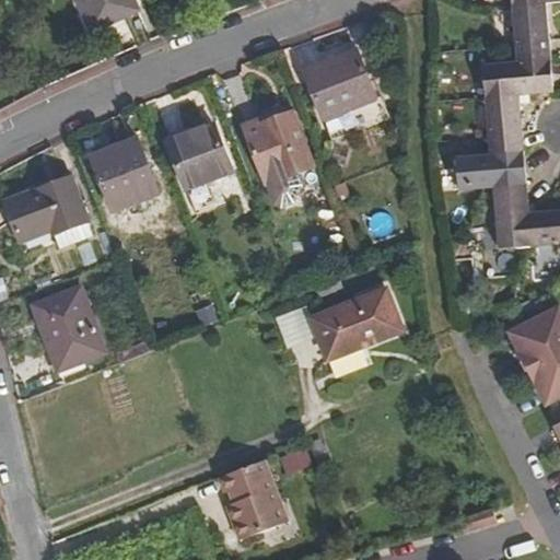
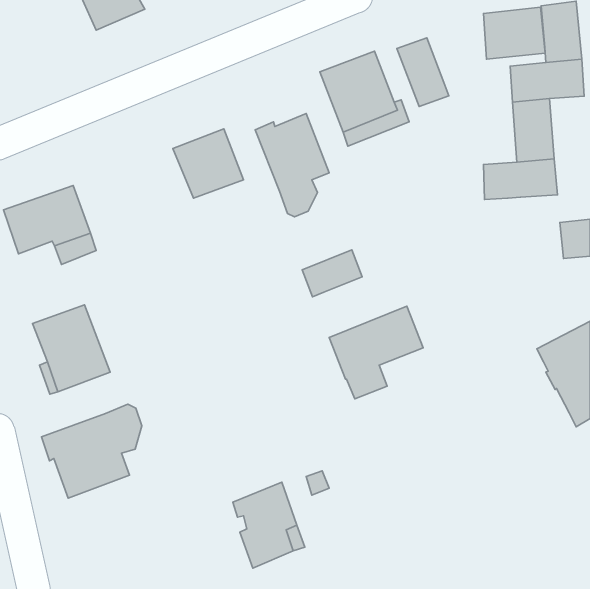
building: none -> [484,7,545,59]
building: none -> [397,38,449,107]
building: [90,136,156,209] -> none
building: [491,184,532,247] -> none
building: none -> [302,250,362,297]
building: none -> [41,404,142,498]

